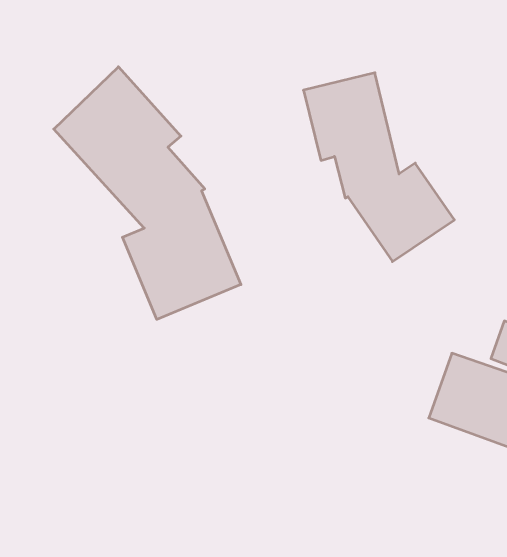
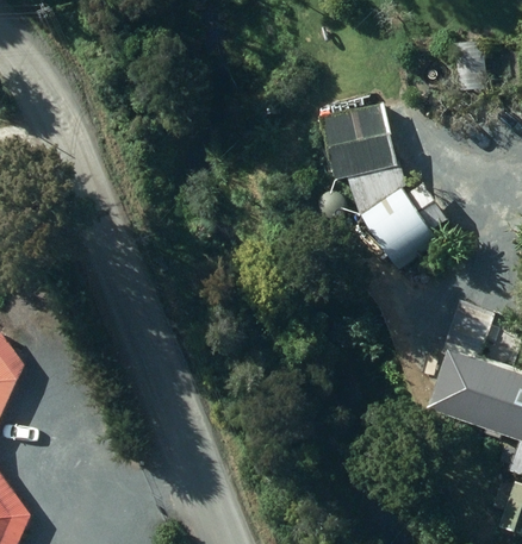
building: [54,67,241,319] -> none

